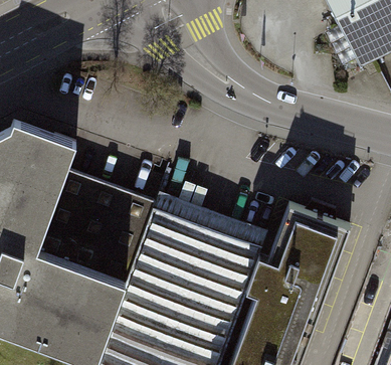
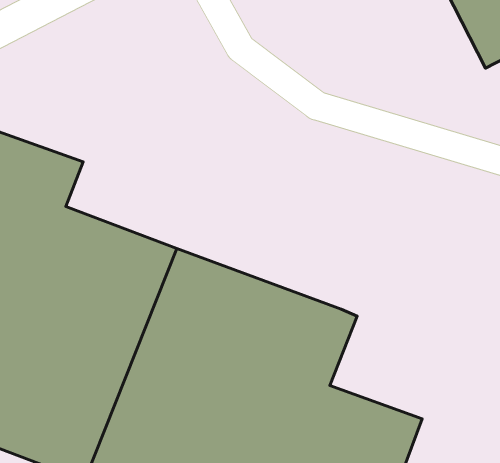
building: [252,200,352,317] -> none

